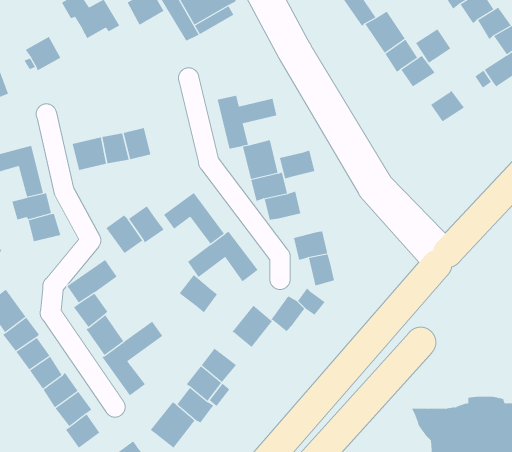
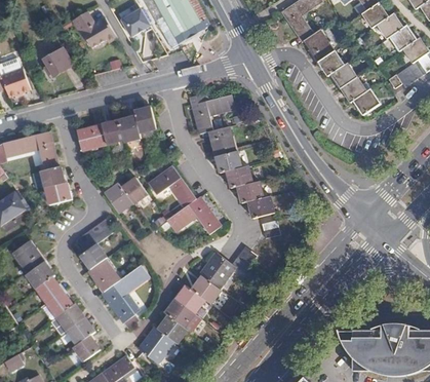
building: [415,28,451,63] -> [340,75,367,102]
building: none -> [133,107,156,133]
building: [279,150,315,179] -> [237,181,265,203]
building: [179,274,218,313] -> [192,274,222,304]

